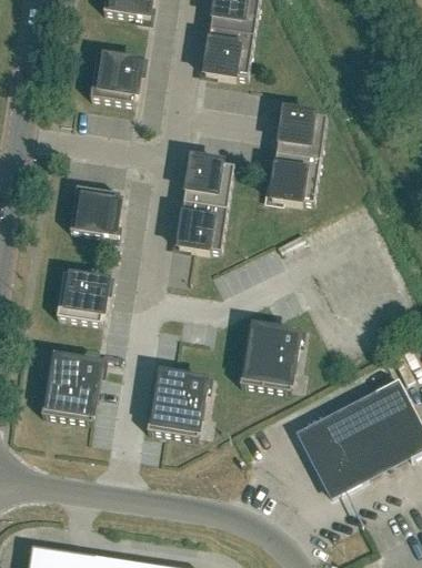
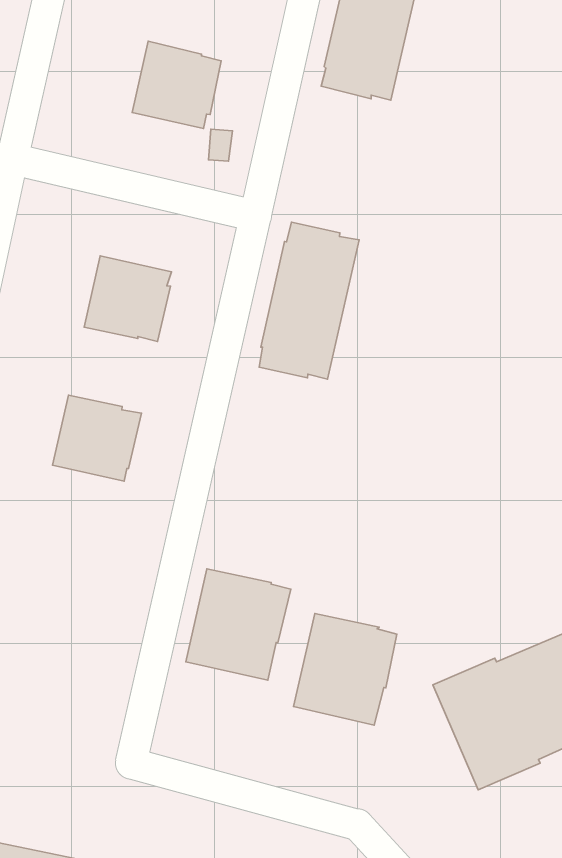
building: [270,108,325,201] -> none
building: [239,324,299,389] -> [294,614,397,725]
building: [40,354,101,420] -> none

